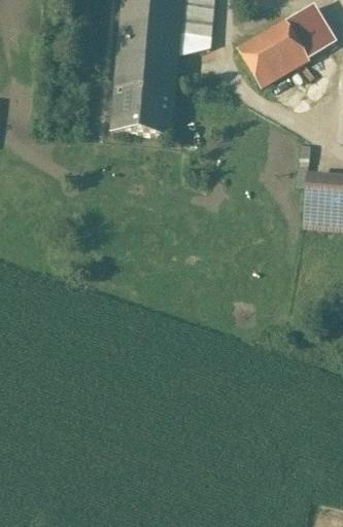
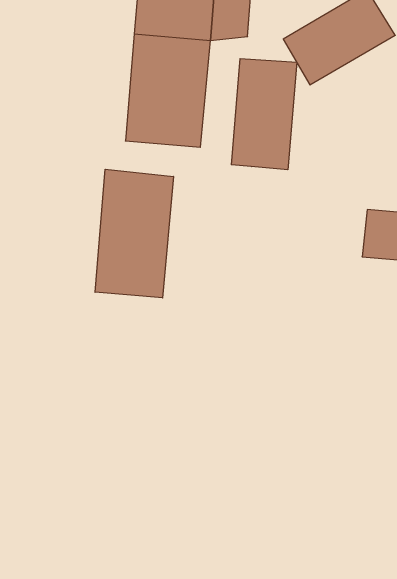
building: none -> [231,59,297,170]
building: none -> [95,169,173,298]

